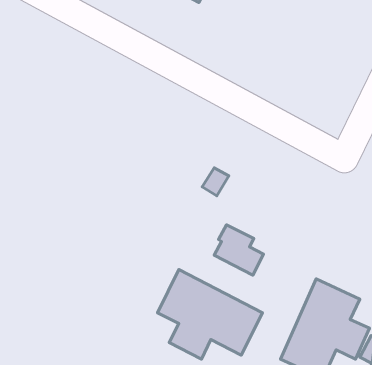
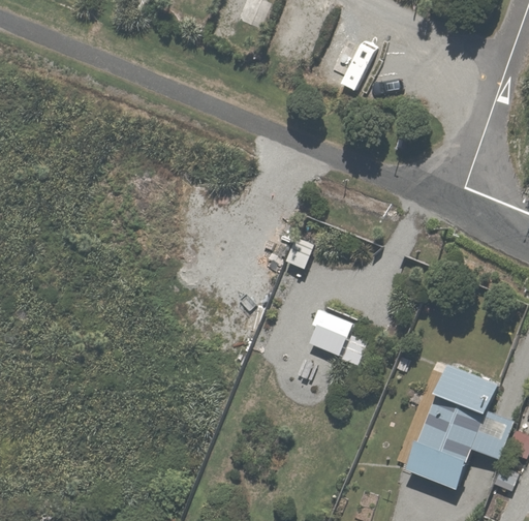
building: [157,269,263,359] -> none

